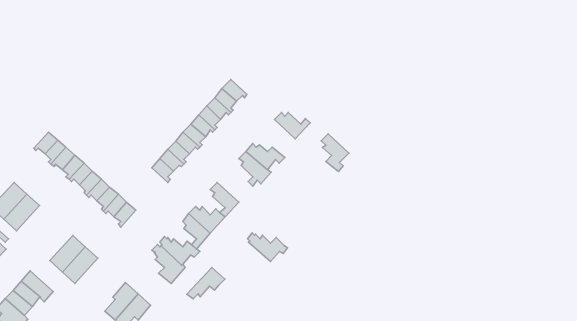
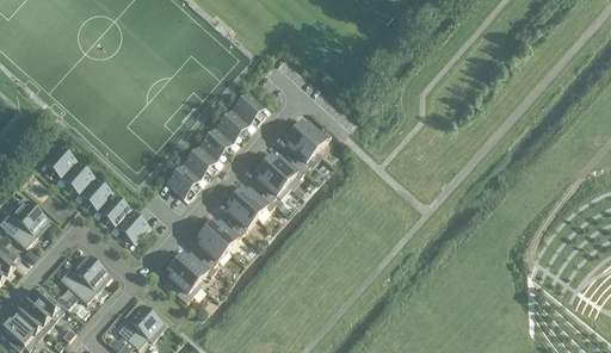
building: [321,134,349,172] -> [284,132,313,172]
building: [247,233,288,262] -> [230,188,272,218]
building: [187,268,225,299] -> none

